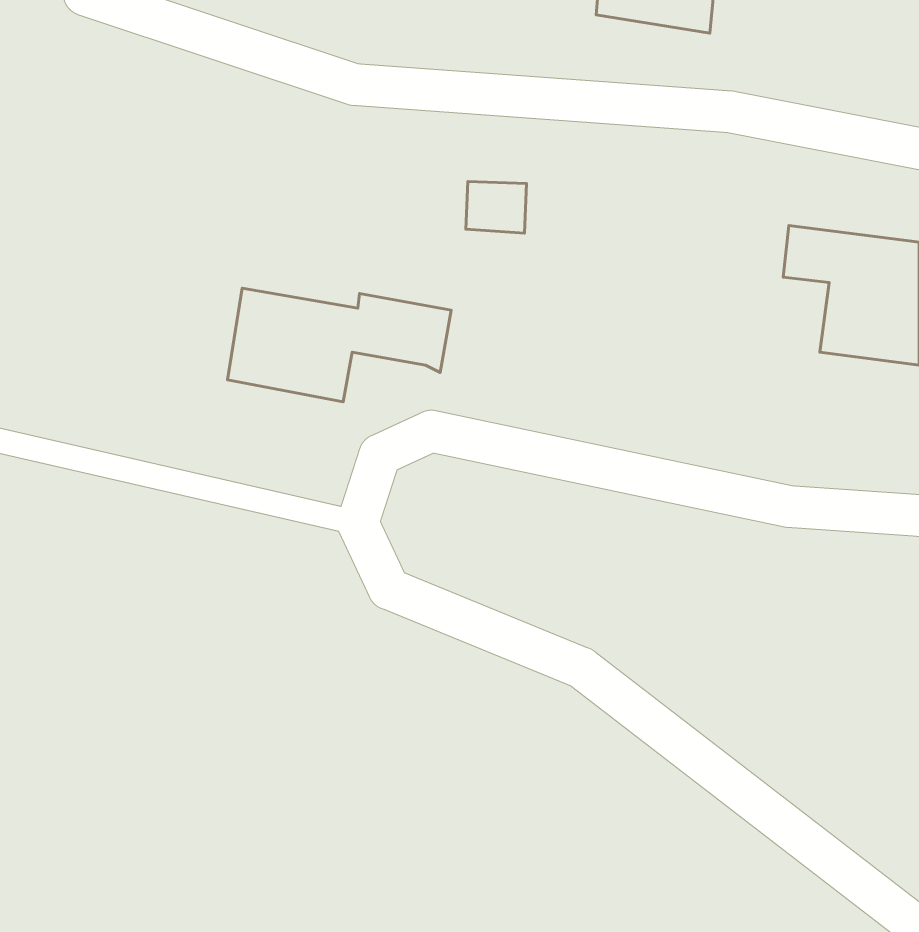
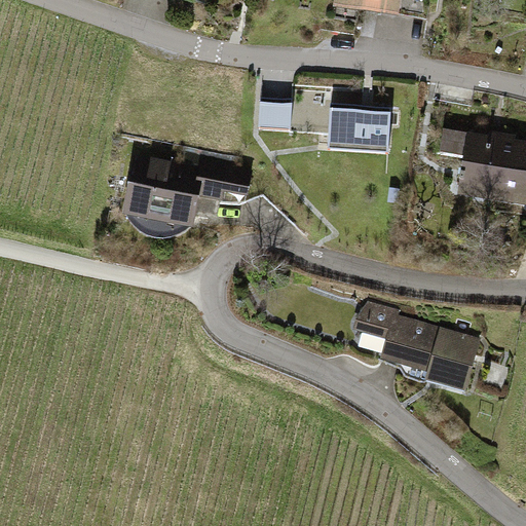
building: none -> [329,107,392,155]
building: none -> [362,303,474,385]

